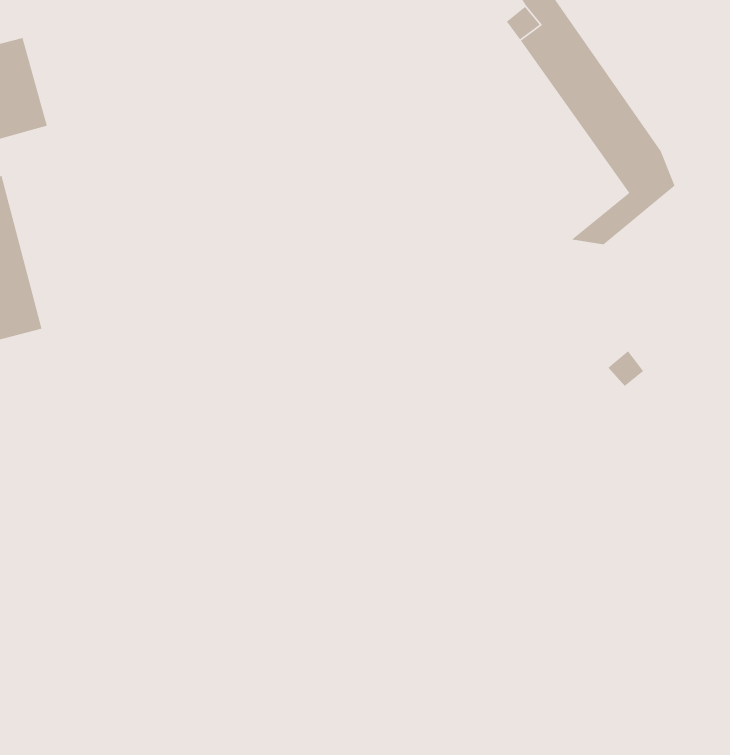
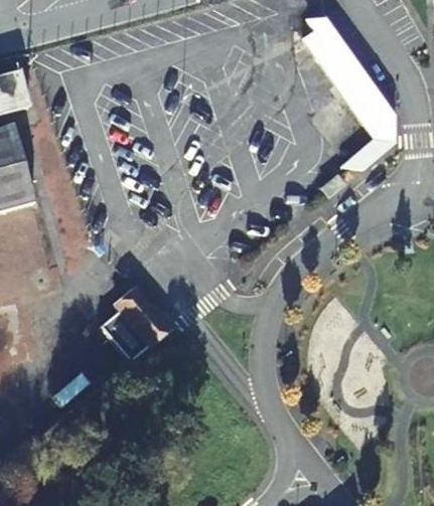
building: none -> [98,287,167,363]

